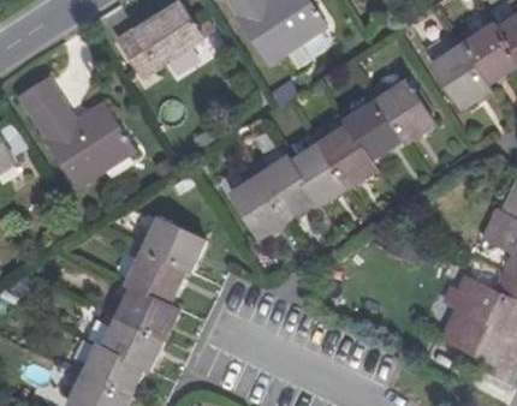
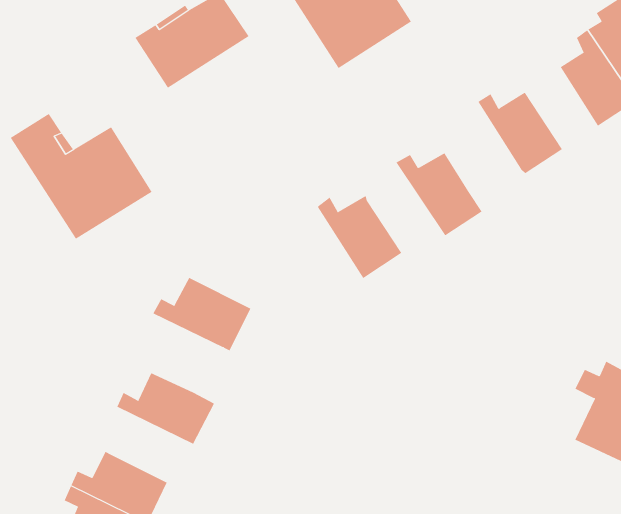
building: [344,88,403,154] -> none
building: [291,132,347,203] -> none
building: [232,165,287,235] -> none
building: [127,243,185,300] -> none
building: [102,311,164,369] -> none

